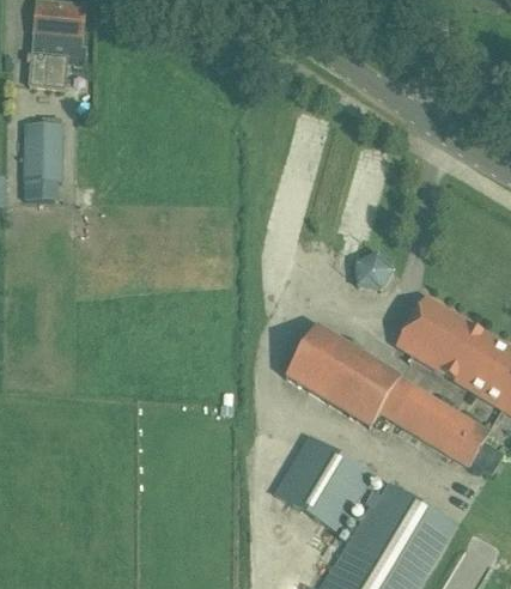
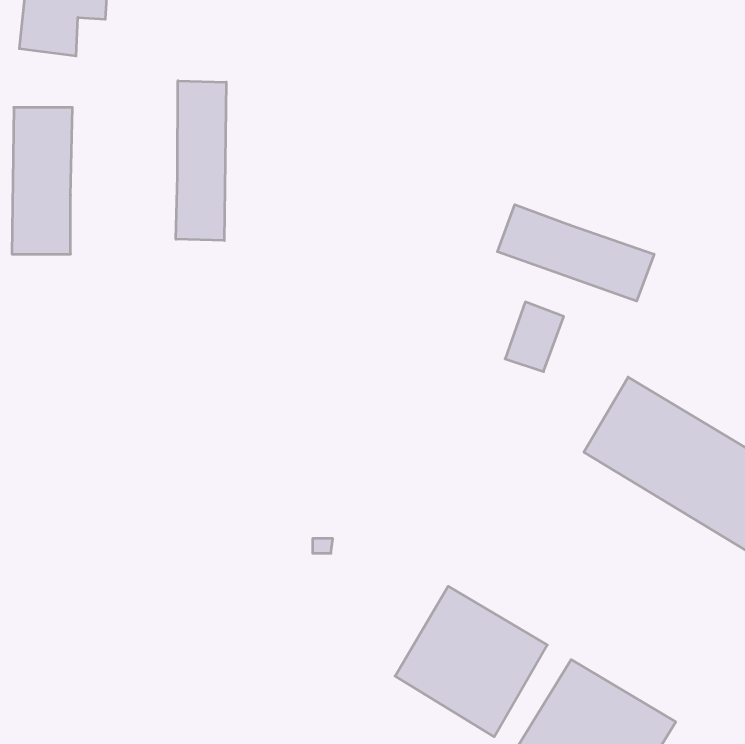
building: none -> [176,81,226,241]
building: none -> [497,205,654,301]
building: [286,324,491,464] -> none

